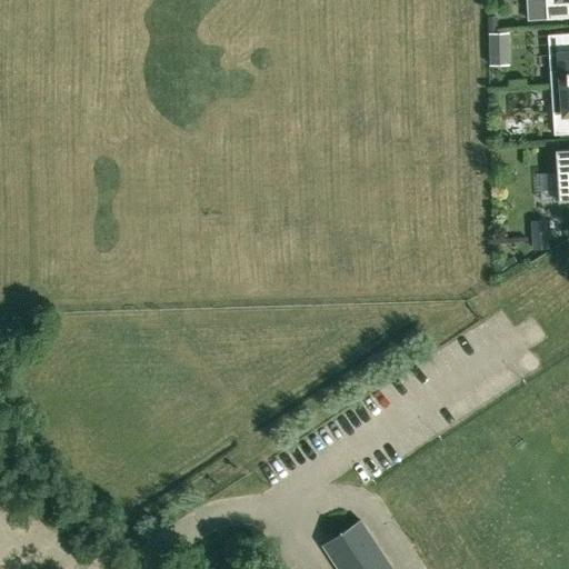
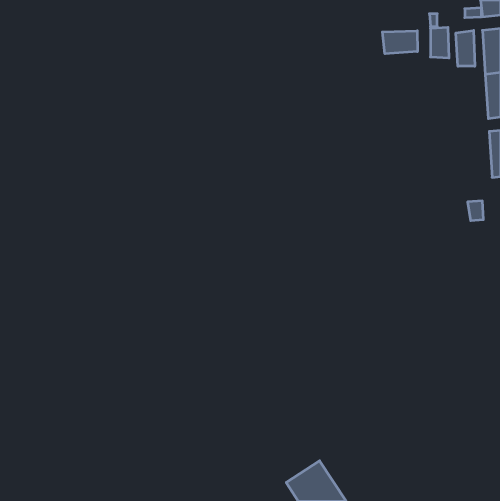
building: none -> [456,30,475,66]
building: none -> [382,31,417,54]

